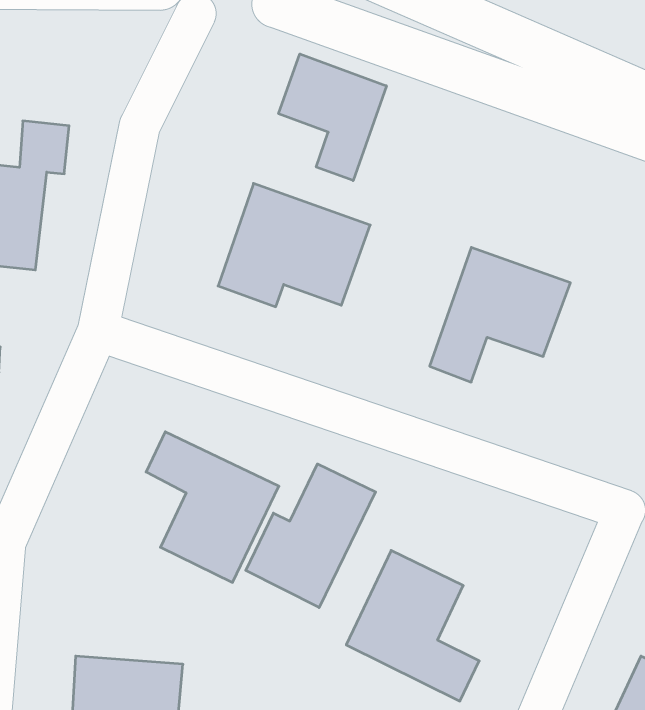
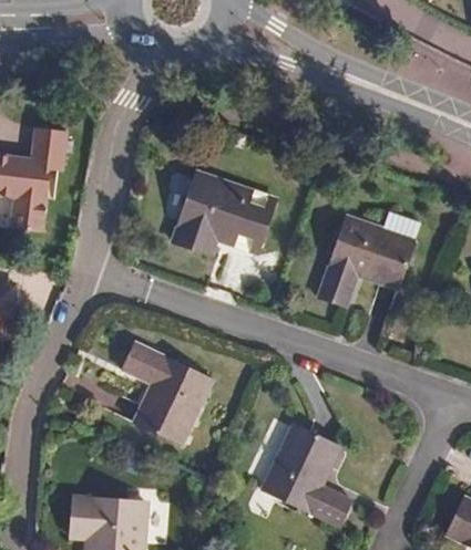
building: [279,54,386,181] -> none
building: [246,464,376,608] -> none

